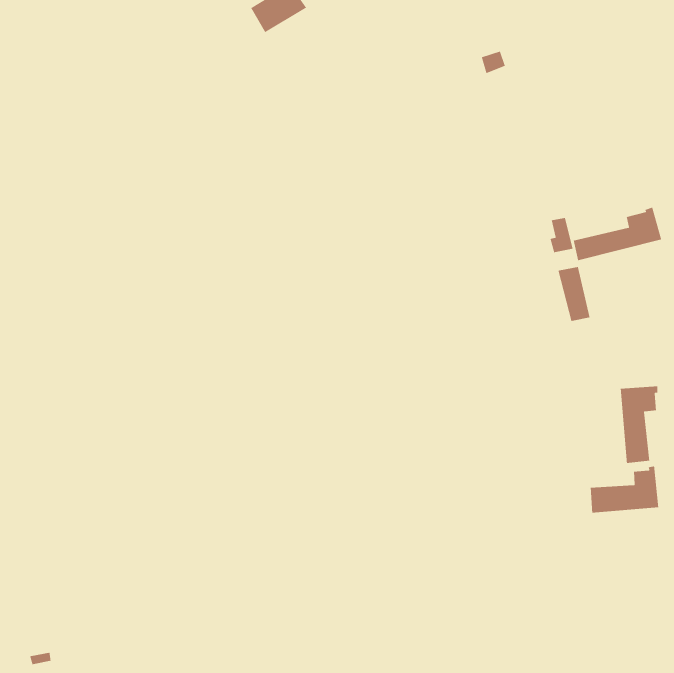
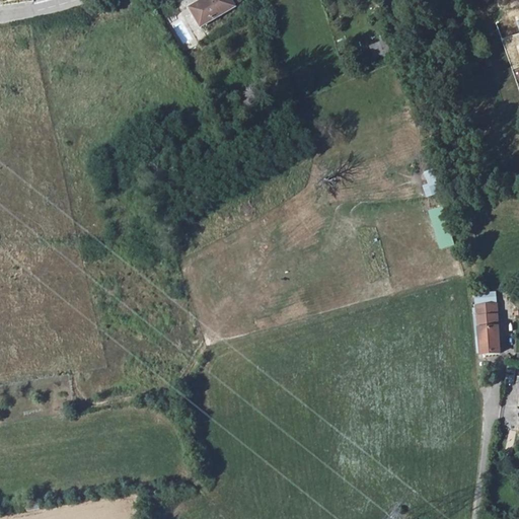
building: [573,207,662,261] -> none
building: [590,465,659,514] -> none

